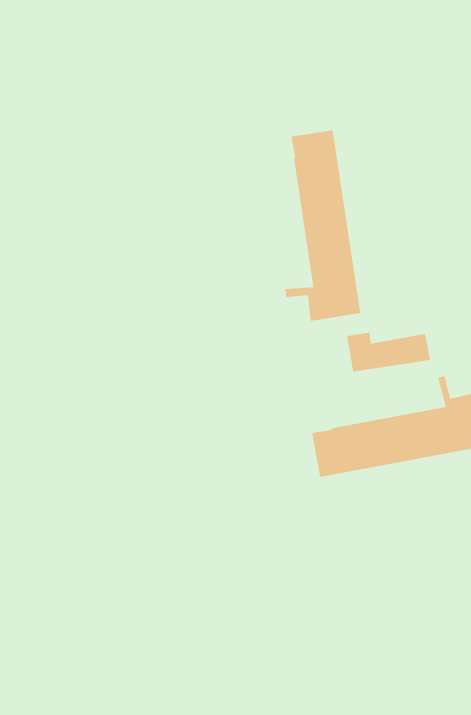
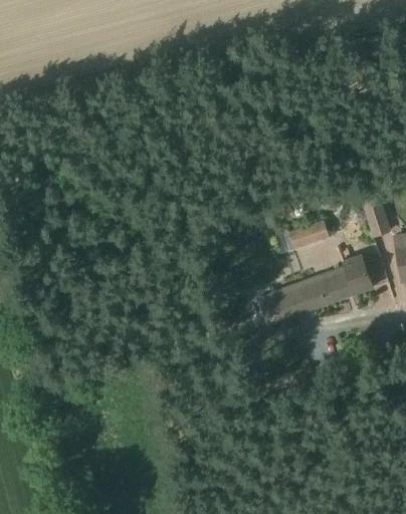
building: [284,129,361,322] -> none

